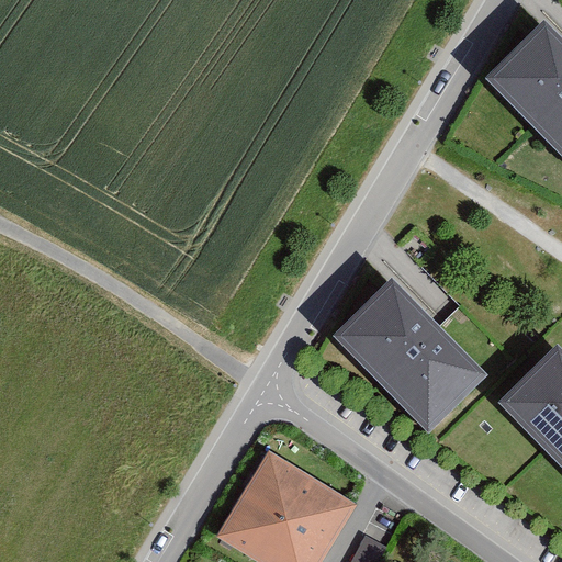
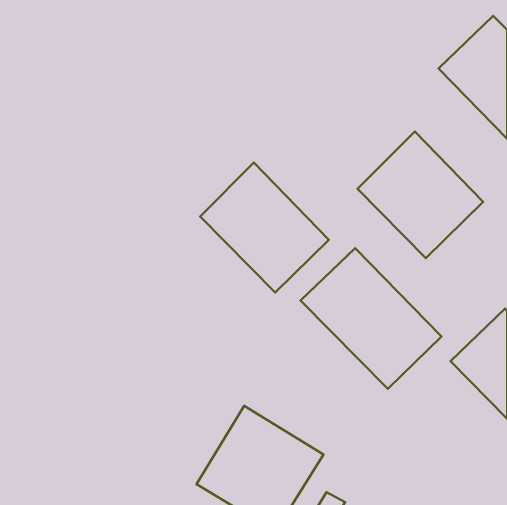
building: none -> [357,132,483,258]
building: none -> [200,163,329,293]

